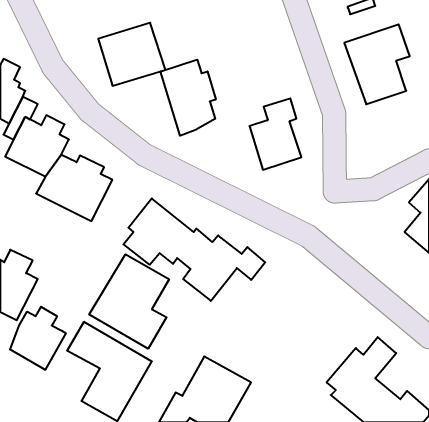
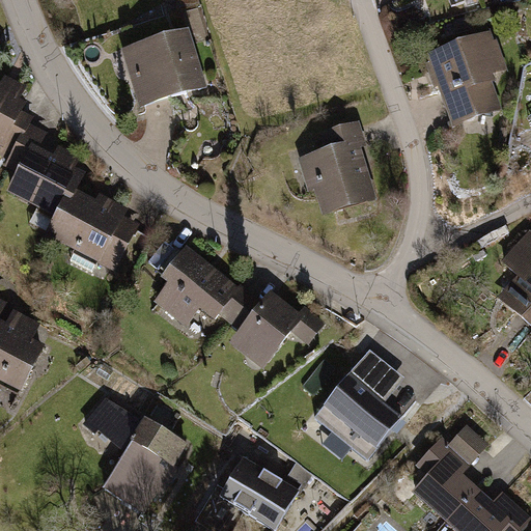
building: [160,60,216,136] -> none
building: [89,254,169,349] -> none
building: none -> [310,347,404,464]
building: [10,307,66,370] -> none

